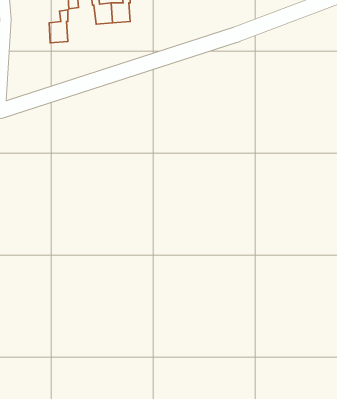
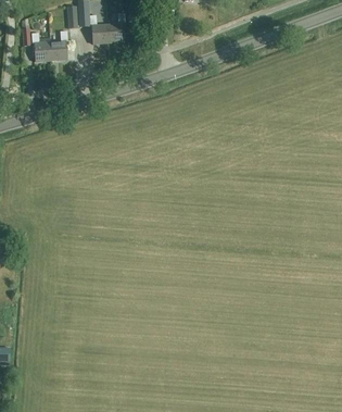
building: none -> [30,32,50,61]

